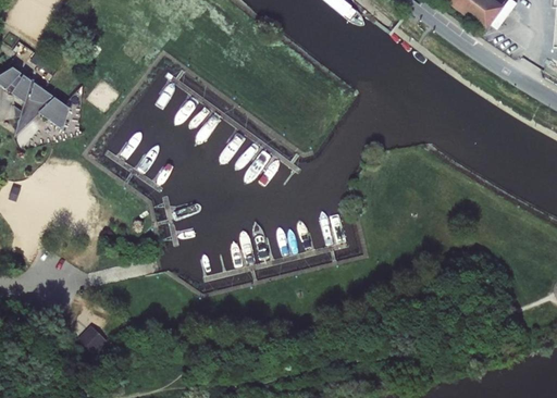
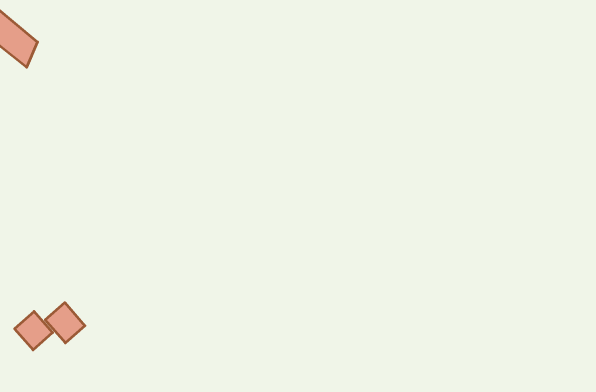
building: none -> [45,303,85,343]

